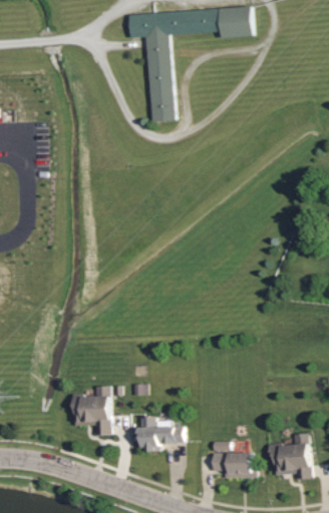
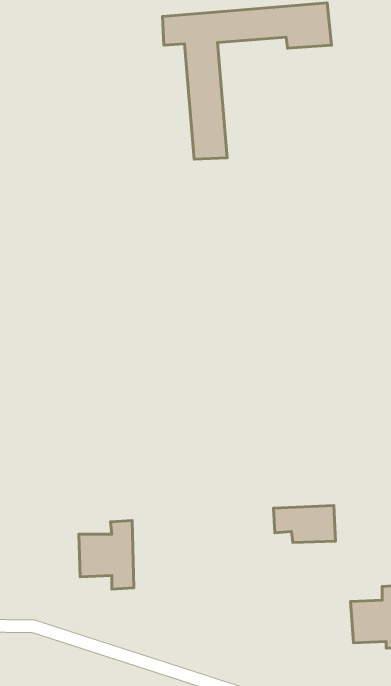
building: [136,416,183,451] -> none
building: [209,451,254,478] -> [274,505,335,543]

